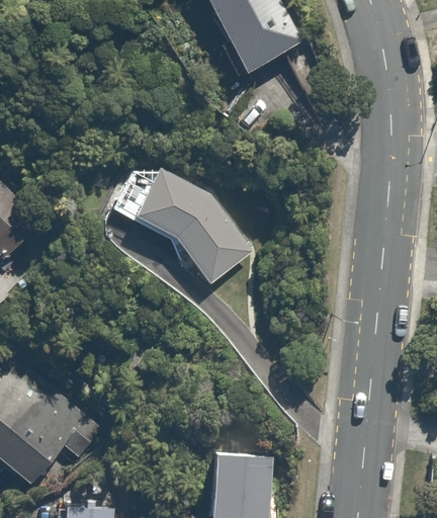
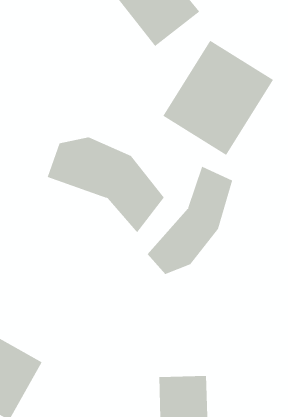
building: none -> [162,40,274,156]
building: none -> [147,166,233,275]

